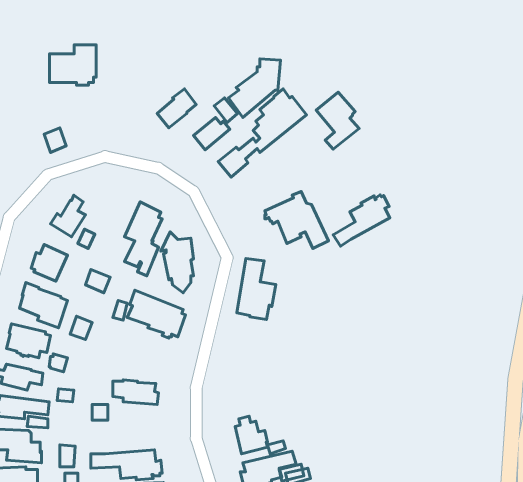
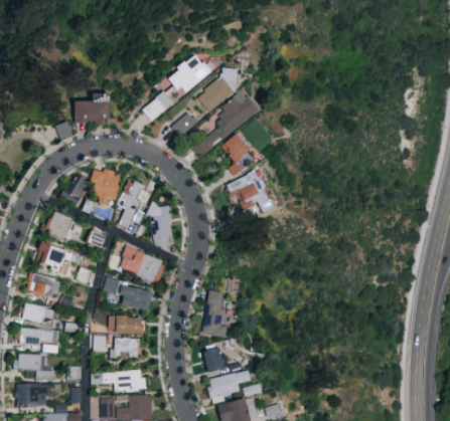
building: none -> [168,54,215,92]
building: [49,45,96,85] -> [74,93,111,125]
building: [316,92,359,149] -> [221,132,255,176]
building: none -> [91,168,121,205]
building: [333,195,390,246] -> none
building: [237,258,276,319] -> [202,290,233,338]
building: none -> [104,276,153,310]
building: none -> [111,337,140,359]

